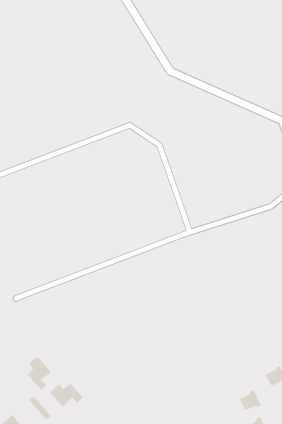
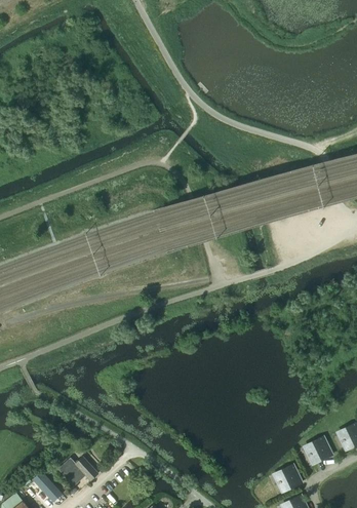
building: [27,356,52,391] -> none

